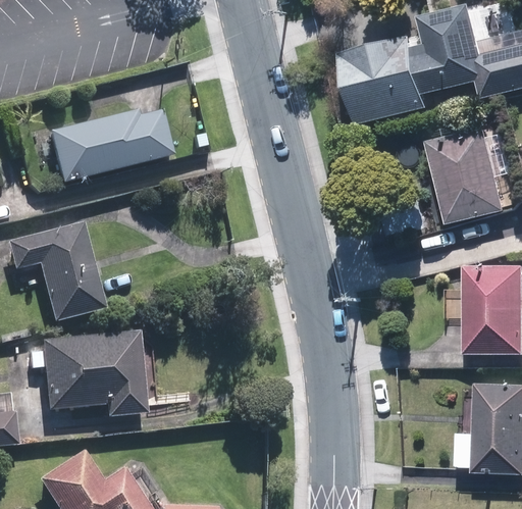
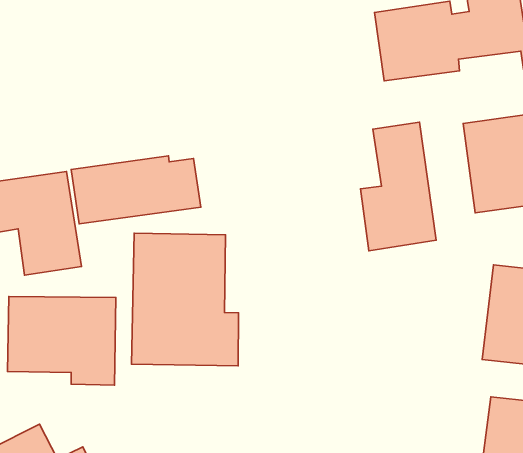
building: [52,112,171,182] -> [71,156,201,224]
building: none -> [361,122,436,251]
building: none -> [132,233,238,366]

